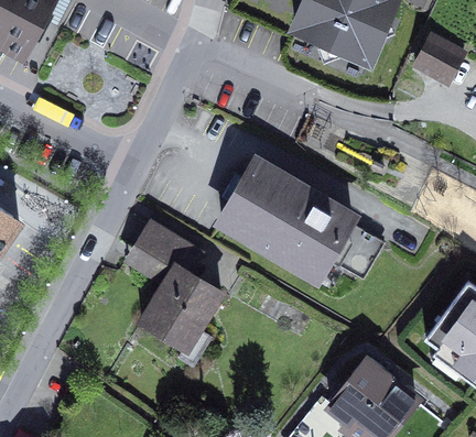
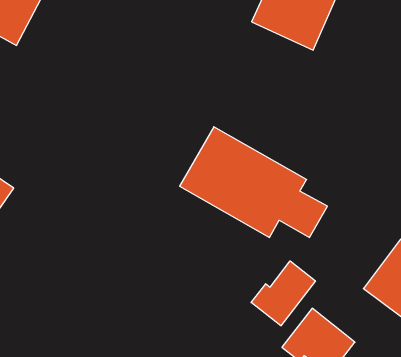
building: [415,37,459,86] -> none
building: [133,223,220,350] -> none
building: none -> [251,261,315,326]

